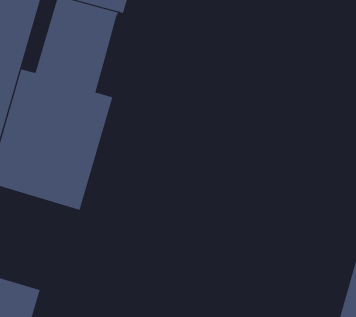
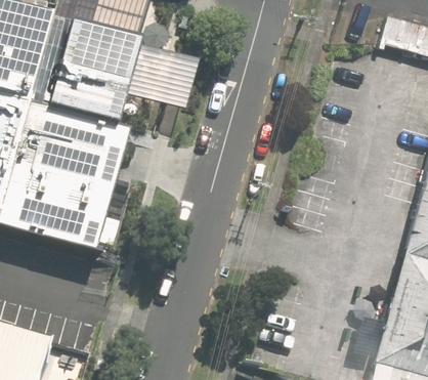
building: none -> [119,42,196,108]

